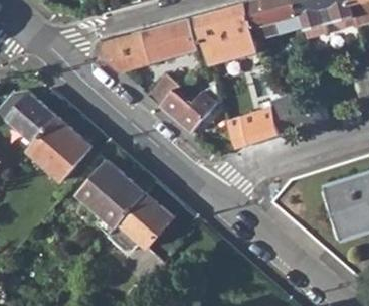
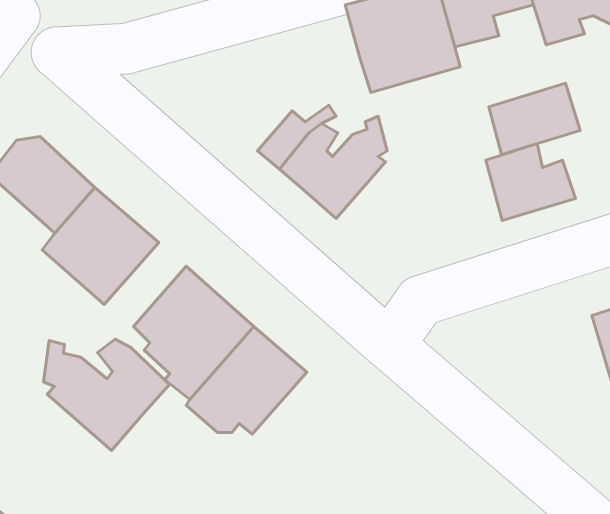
building: [103,16,199,70] -> none
building: [228,106,279,145] -> [489,83,580,154]
building: none -> [43,339,170,451]

